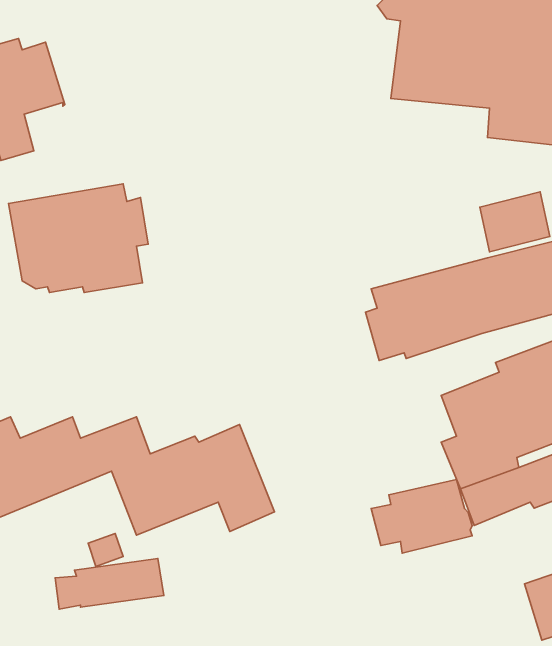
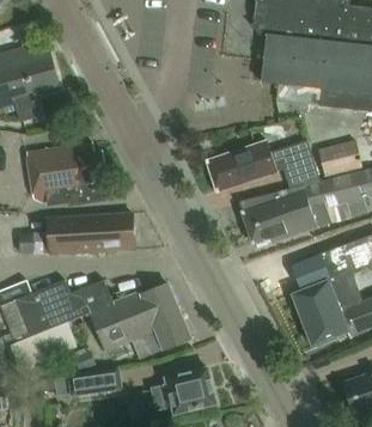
building: none -> [206,140,319,191]
building: none -> [42,213,134,254]
building: [371,479,472,553] -> [153,368,215,414]

